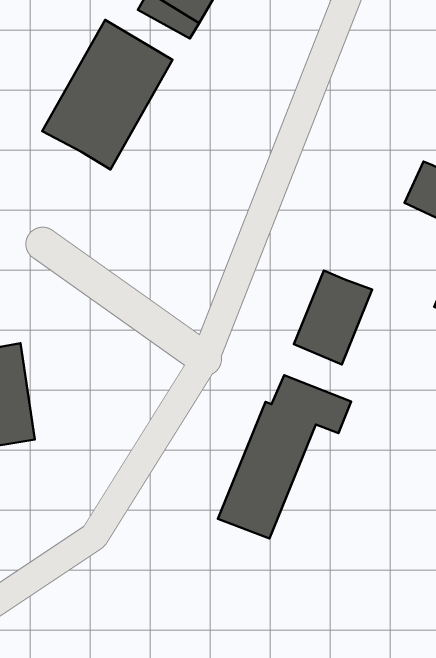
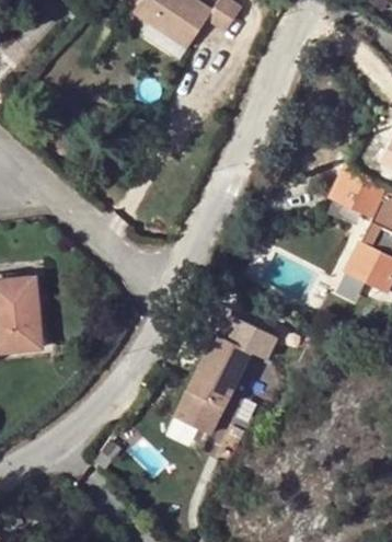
building: [42,20,173,169] -> none
building: [294,270,372,365] -> none

